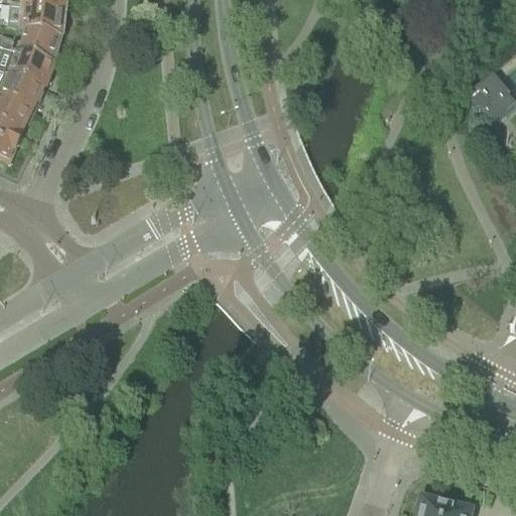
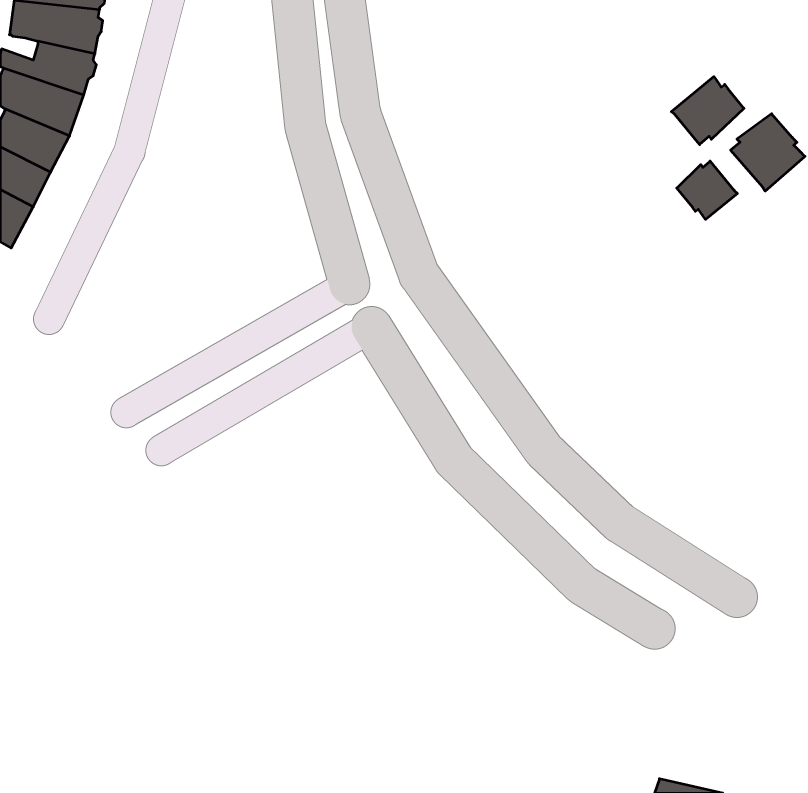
building: none -> [671,77,744,145]
building: none -> [677,161,737,219]

